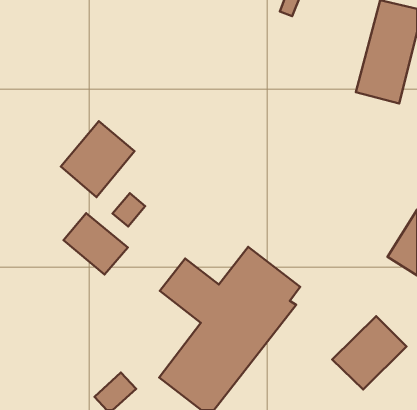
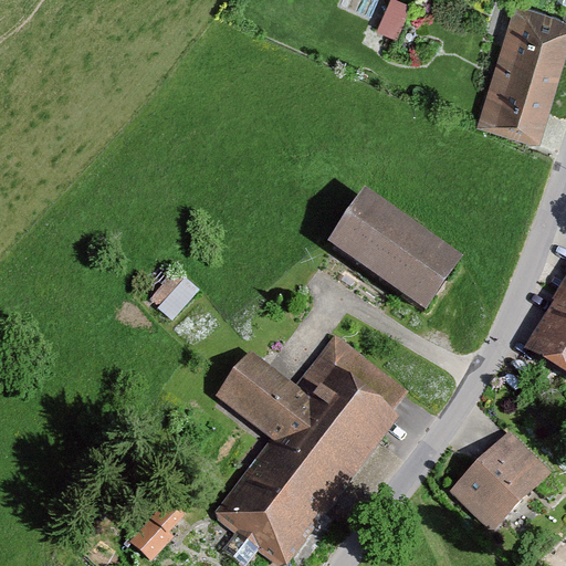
building: [61,121,134,197] -> none
building: none -> [331,192,467,314]
building: [63,213,128,275] -> none

